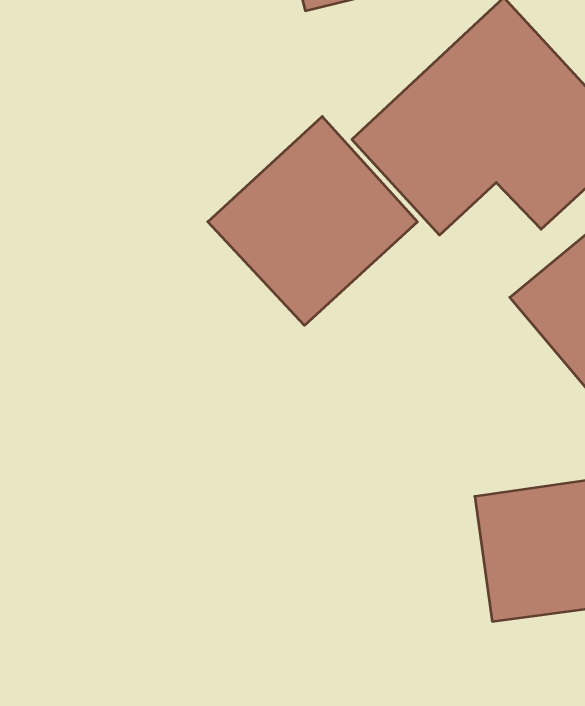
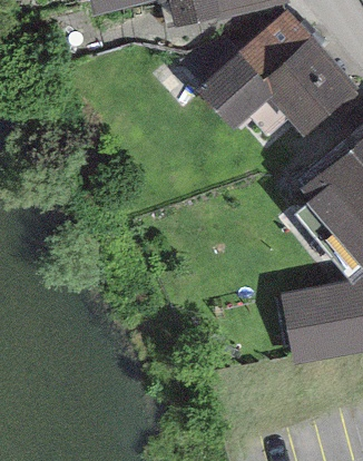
building: [208,116,417,325] -> none

